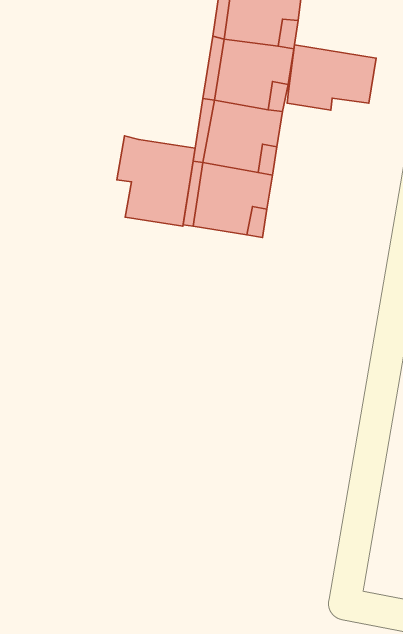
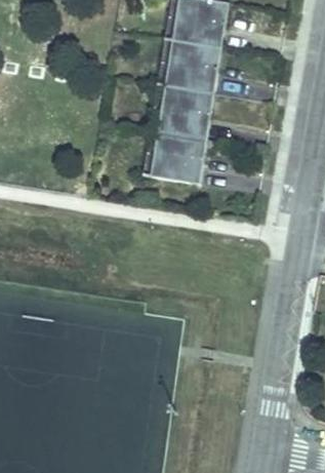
building: [287,45,376,110] -> none
building: [117,136,195,226] -> none

